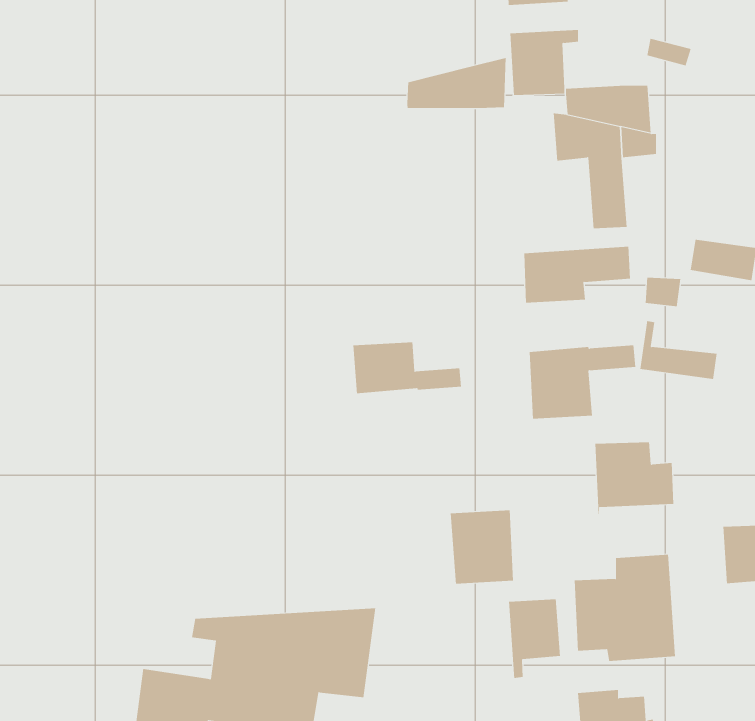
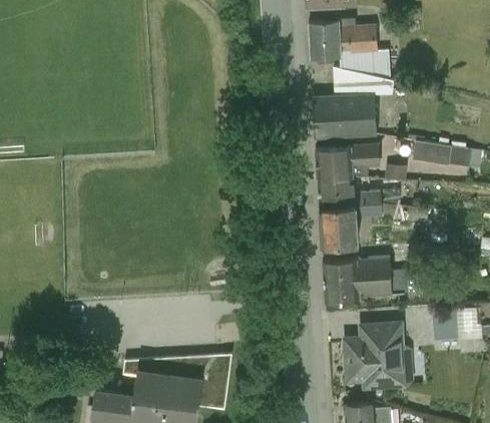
building: none -> [340,26,376,54]
building: [407,57,506,109] -> none
building: none -> [313,94,357,138]
building: [353,342,462,394] -> [318,176,381,206]
building: [450,510,514,584] -> [323,260,360,303]
building: [509,598,561,679] -> none

